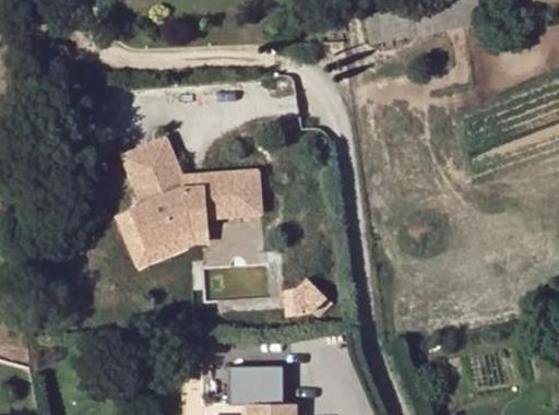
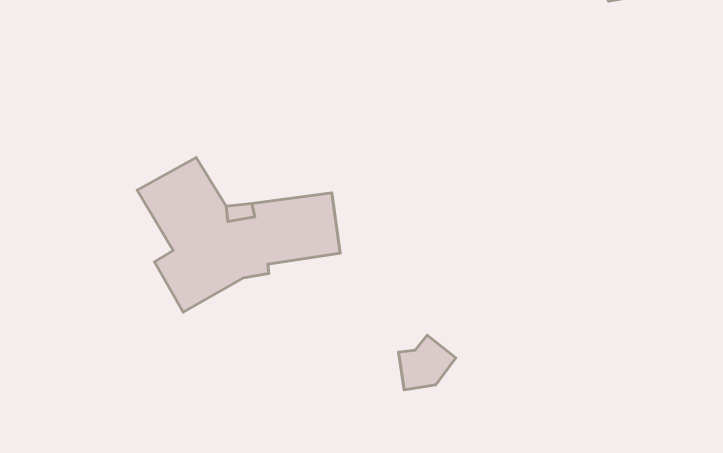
building: [114,208,206,263] -> none

